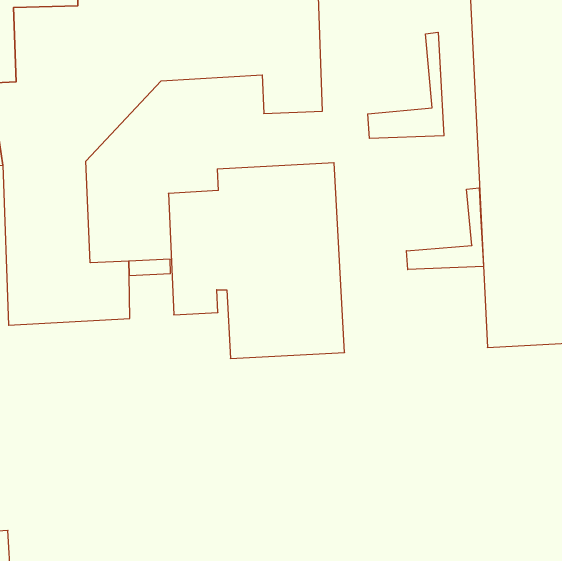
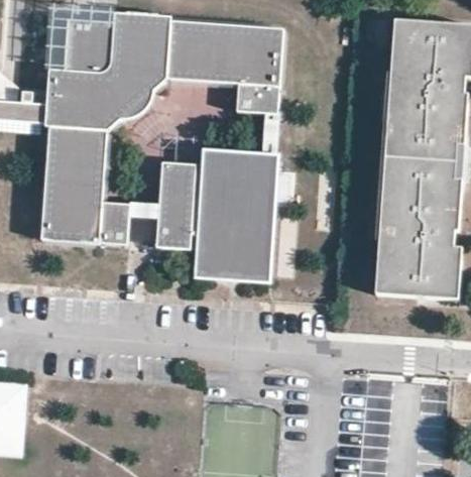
building: [368,32,444,138] -> none
building: [406,188,483,270] -> none

